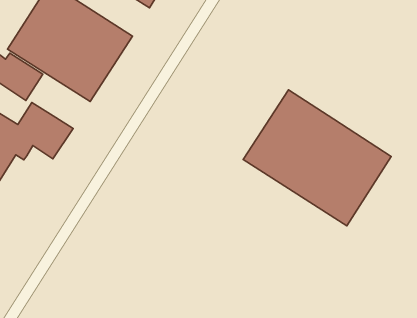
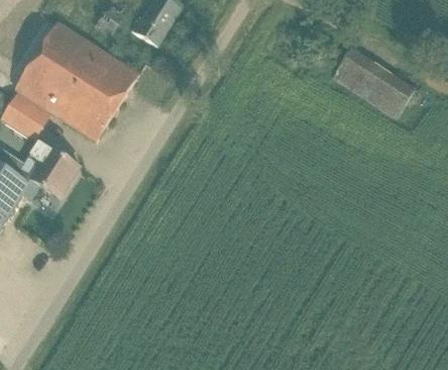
building: none -> [331,47,414,117]
building: [243,90,391,226] -> none

